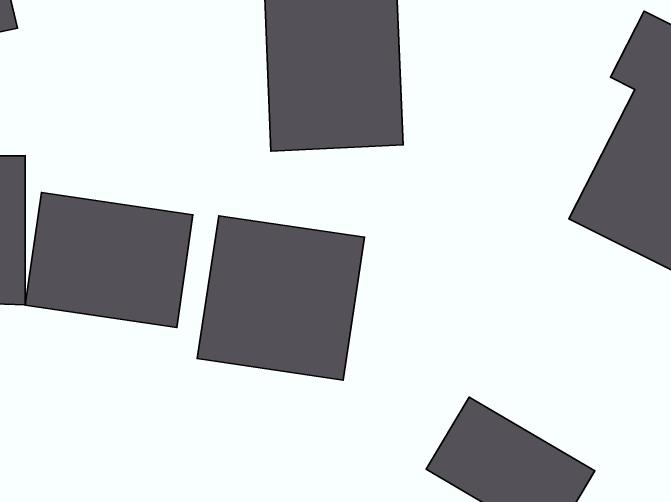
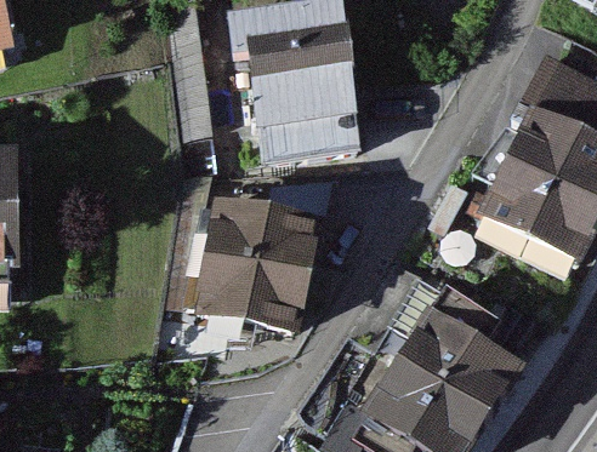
building: [25,193,193,327] -> none
building: none -> [394,299,523,407]

